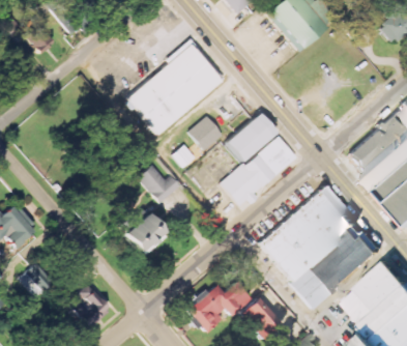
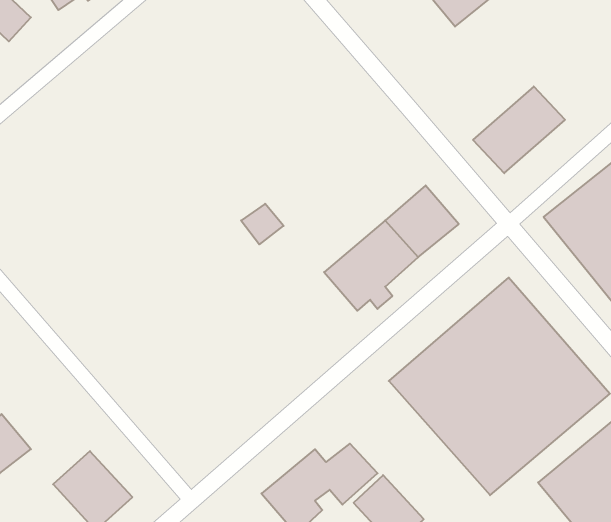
building: [124,40,220,133] -> none
building: [227,113,279,162] -> [473,86,565,173]
building: [190,116,224,151] -> none
building: [139,165,182,204] -> none
building: [125,213,167,255] -> none

